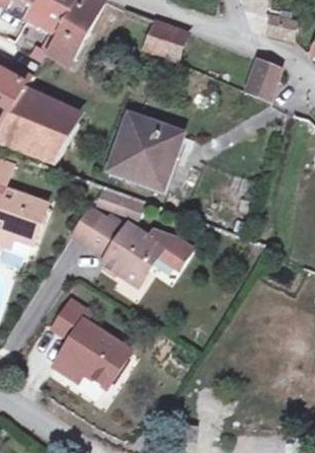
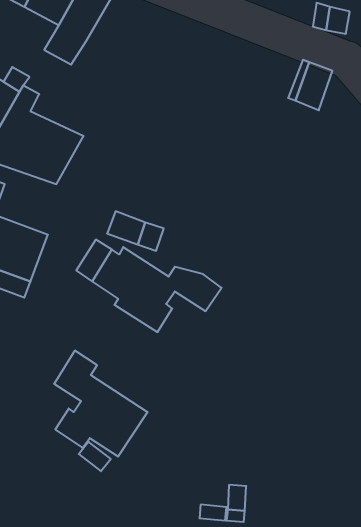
building: [143,20,185,62] -> none
building: [109,115,180,184] -> none

